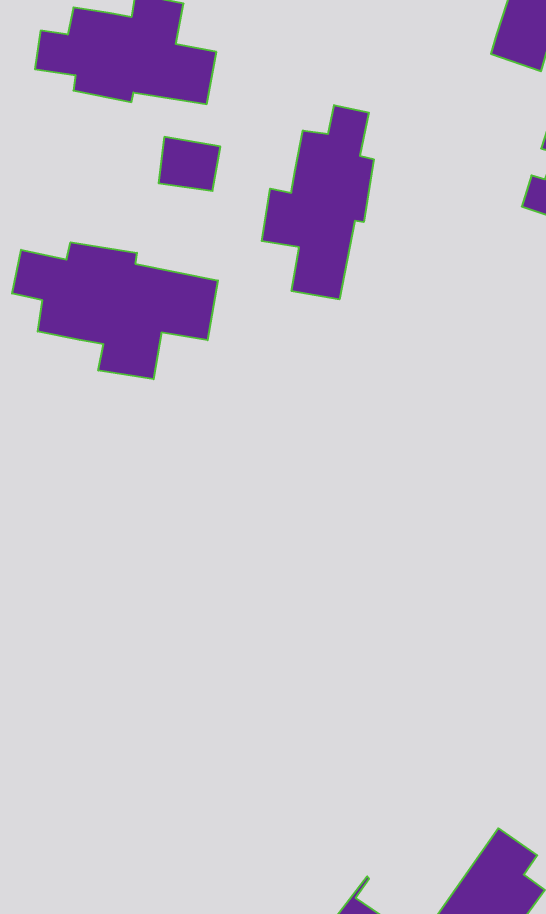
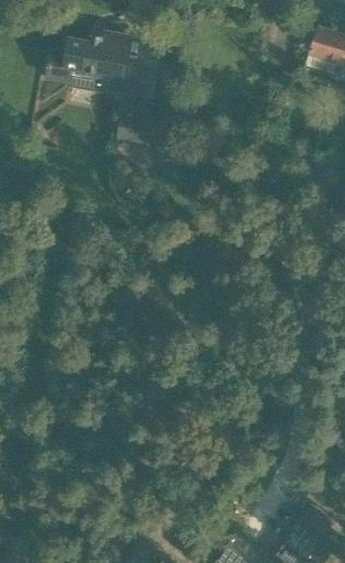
building: [262,105,374,299] -> none
building: [12,242,218,379] -> none

